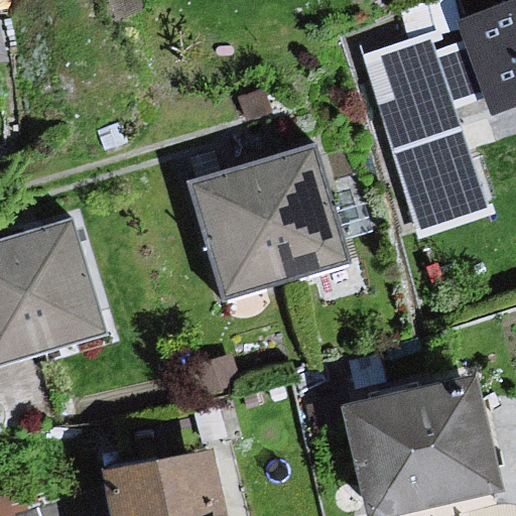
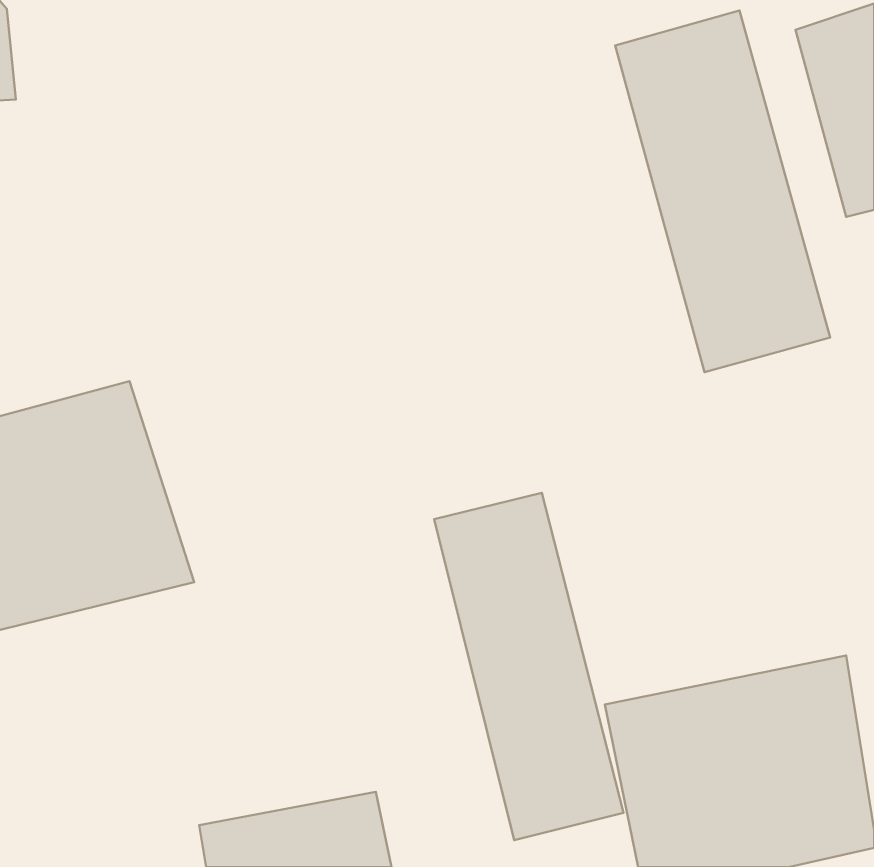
building: [185,150,352,297] -> none
building: none -> [434,493,623,840]

